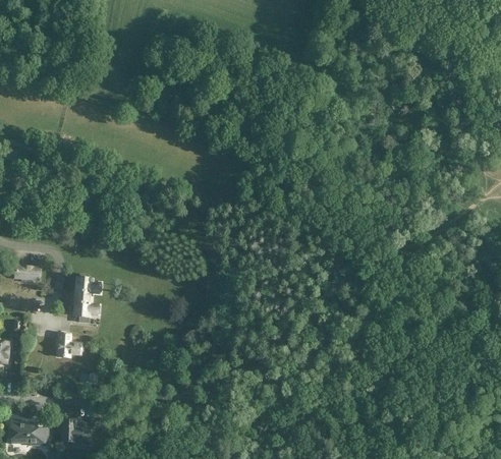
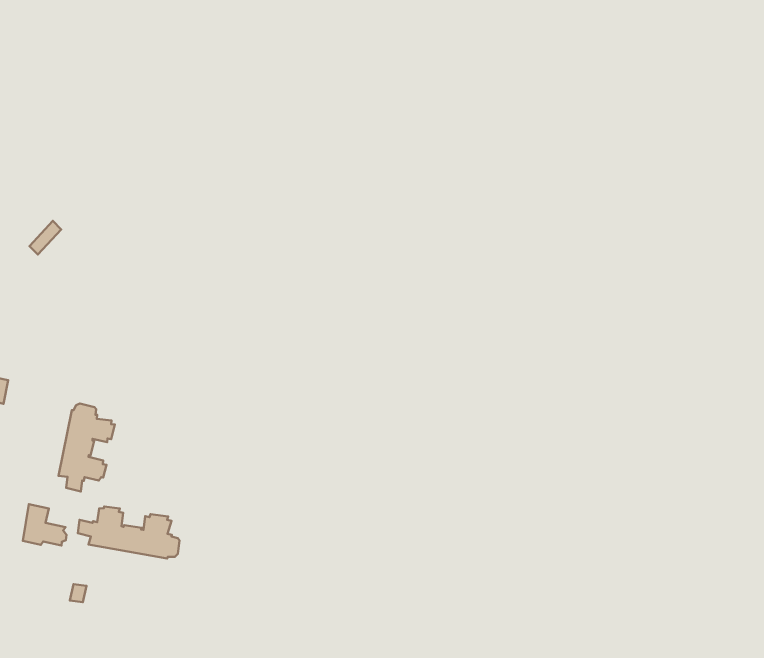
building: none -> [78,506,179,558]

